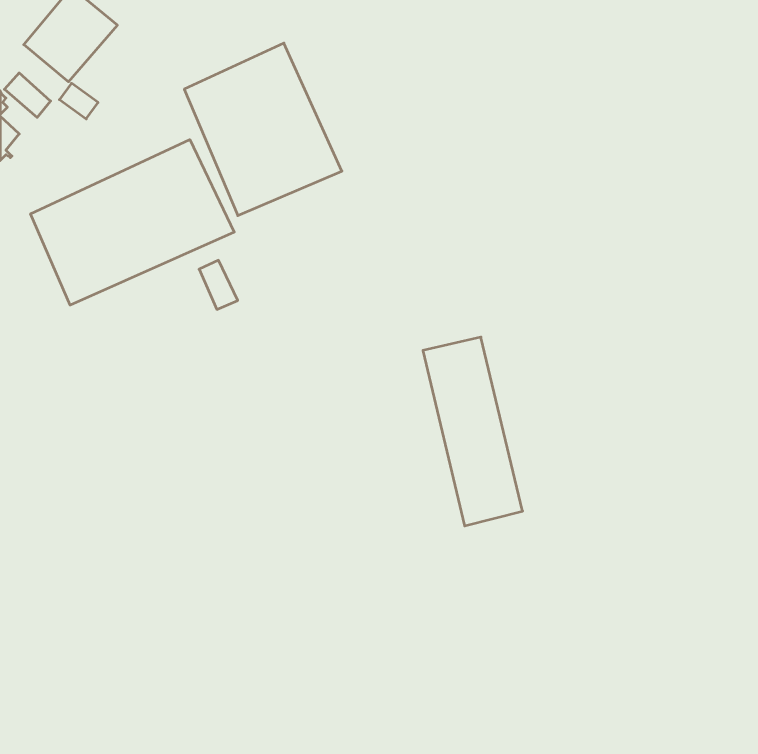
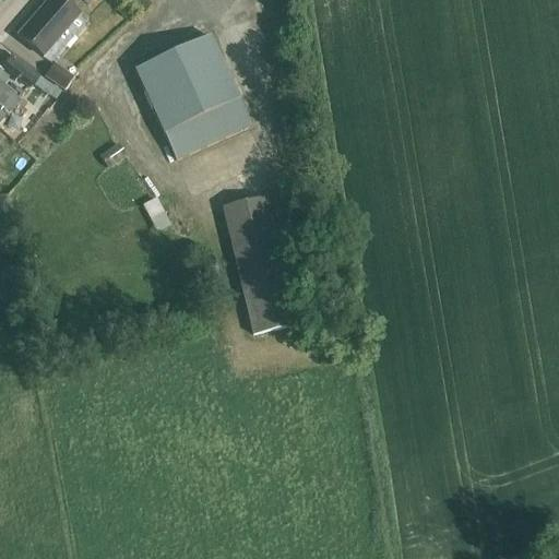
building: [31,140,234,305] -> none
building: [423,337,523,526] -> [223,194,296,333]

